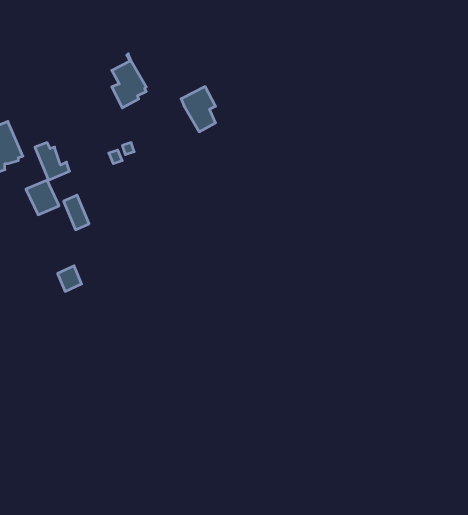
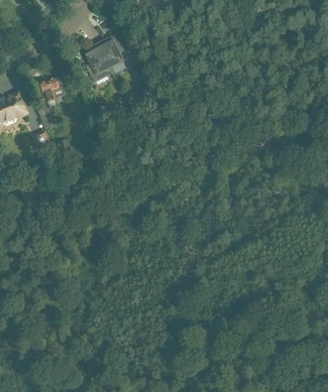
building: [181,87,216,132] -> [99,35,122,66]
building: none -> [39,77,66,101]

